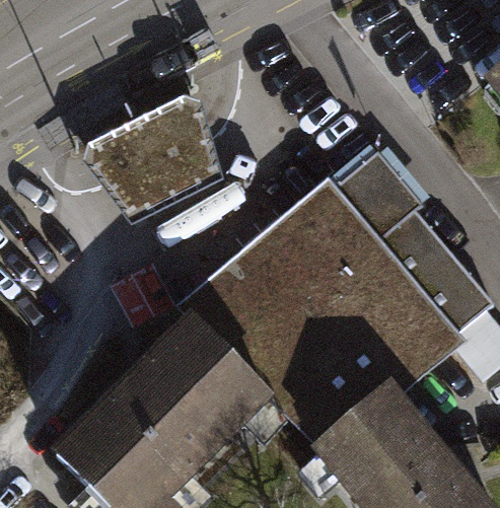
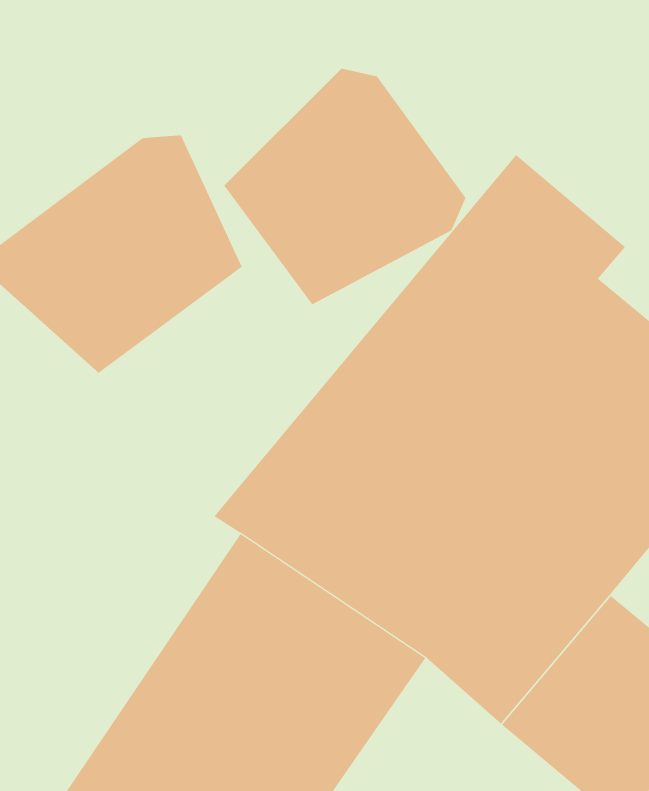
building: none -> [224,68,466,305]

